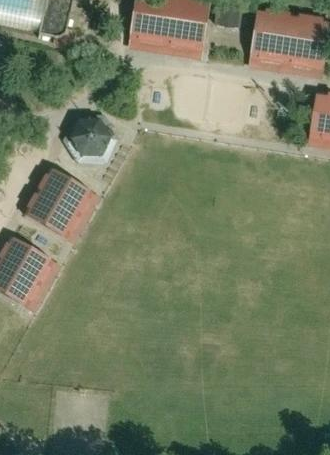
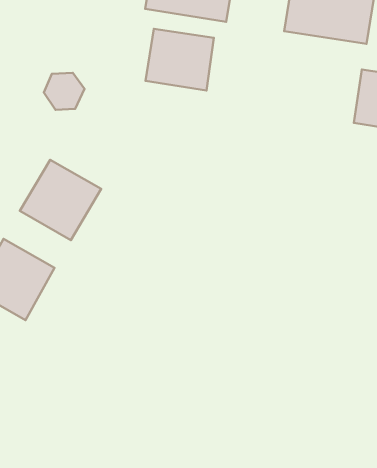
building: none -> [146,29,214,91]
building: [70,128,105,160] -> [44,73,84,110]

